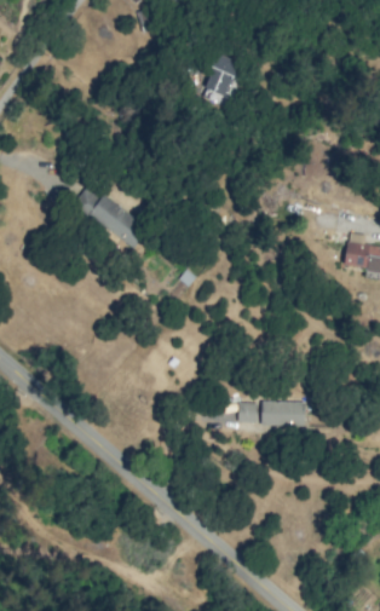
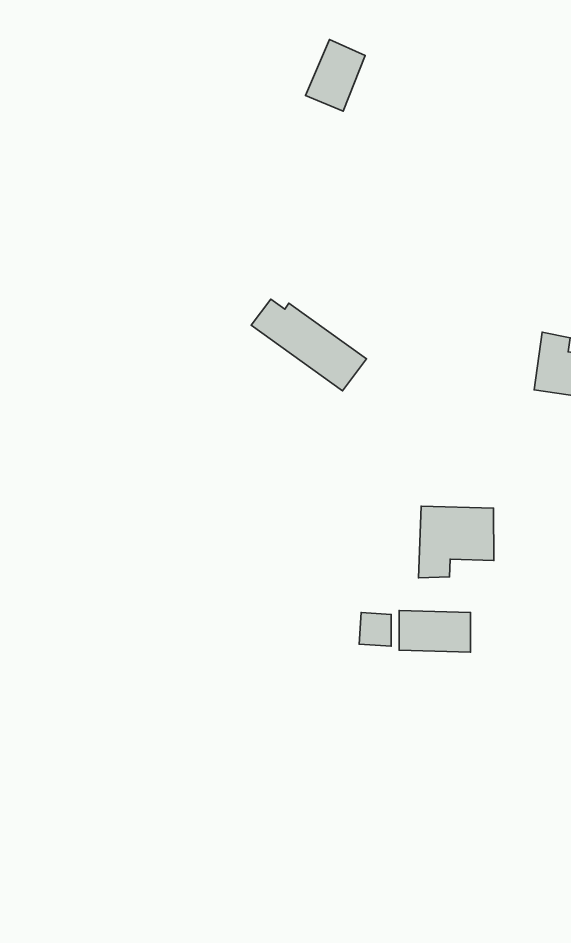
building: [79,191,149,247] -> [251,299,366,391]
building: none -> [418,506,494,578]

